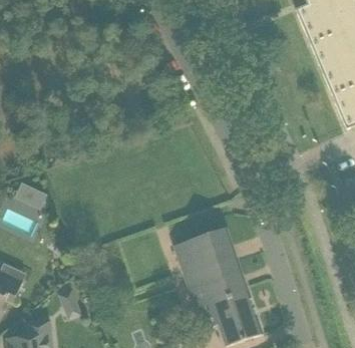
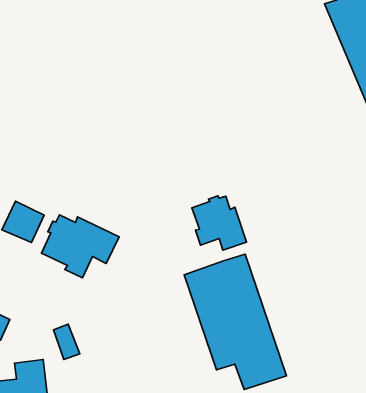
building: none -> [192,196,247,250]
building: none -> [42,215,119,278]

